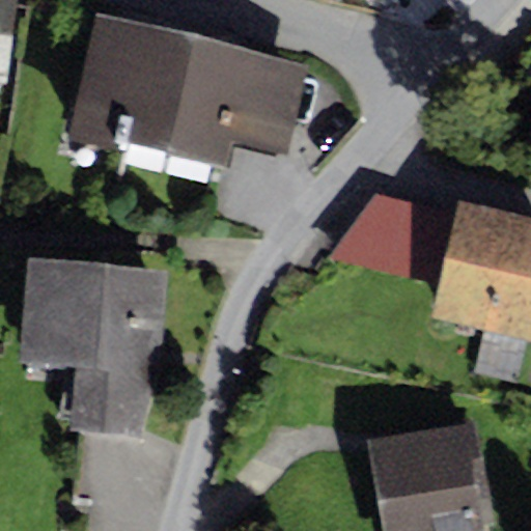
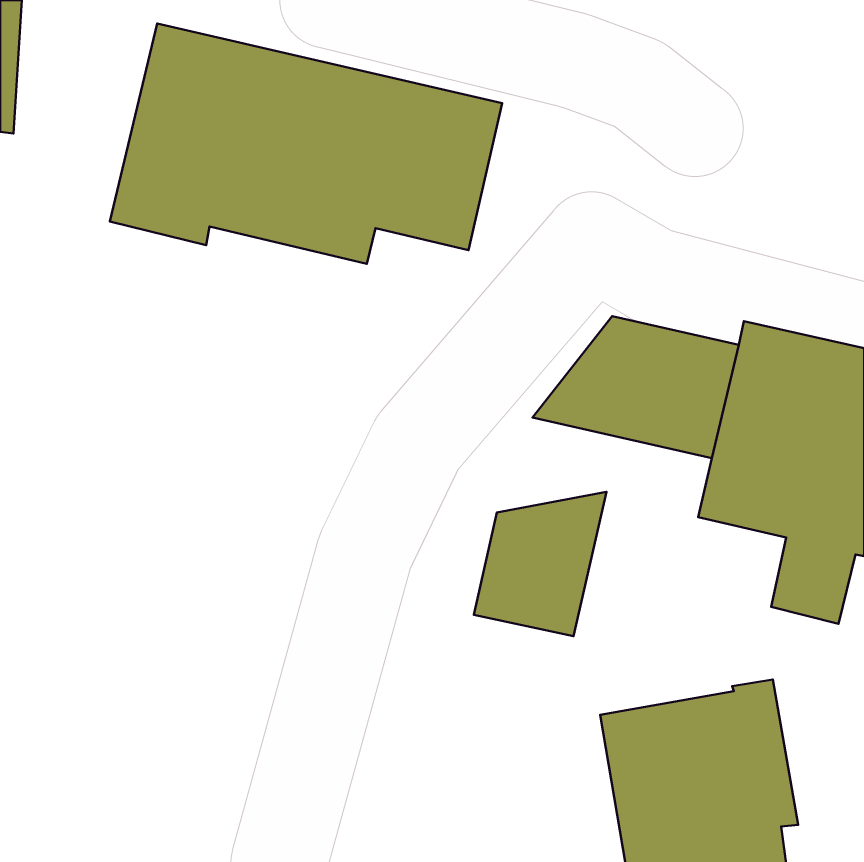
building: [17,257,168,437] -> none
building: none -> [474,492,606,636]

